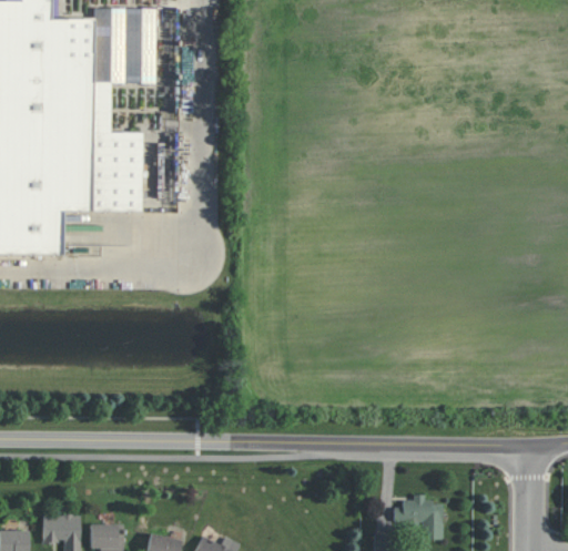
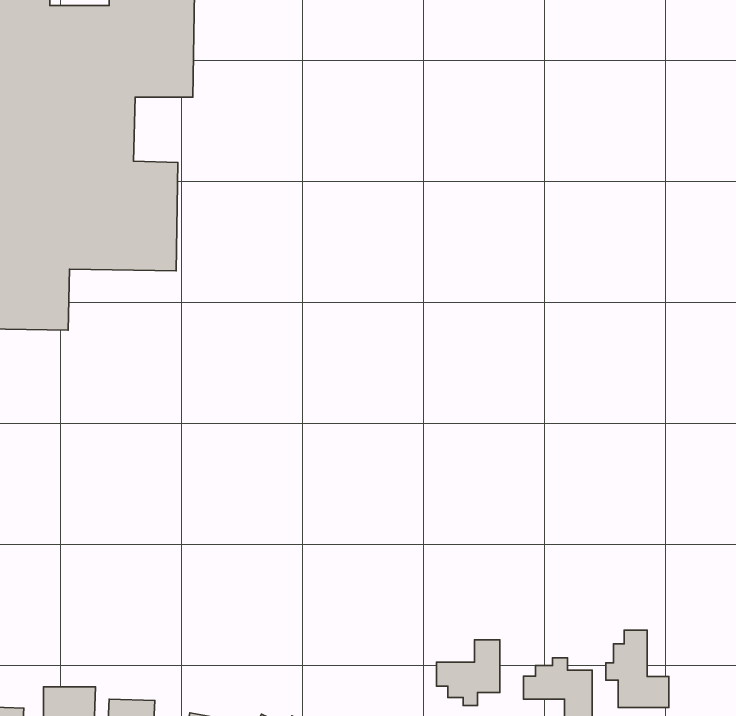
building: none -> [606,630,669,707]
building: none -> [436,640,500,705]

